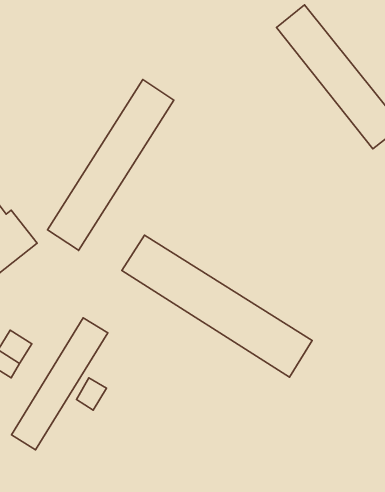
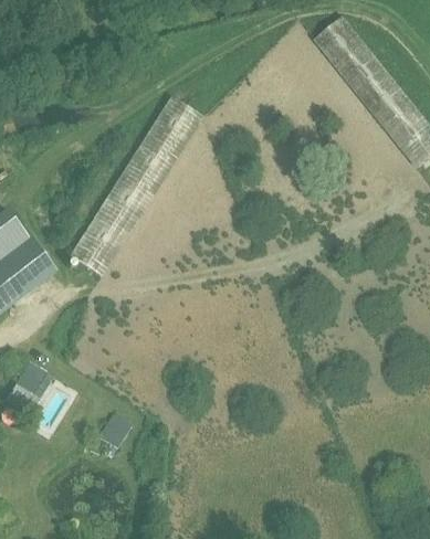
building: [122,235,312,377] -> none
building: [12,318,108,450] -> none

